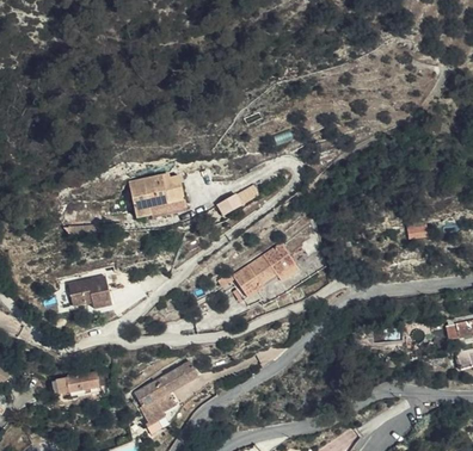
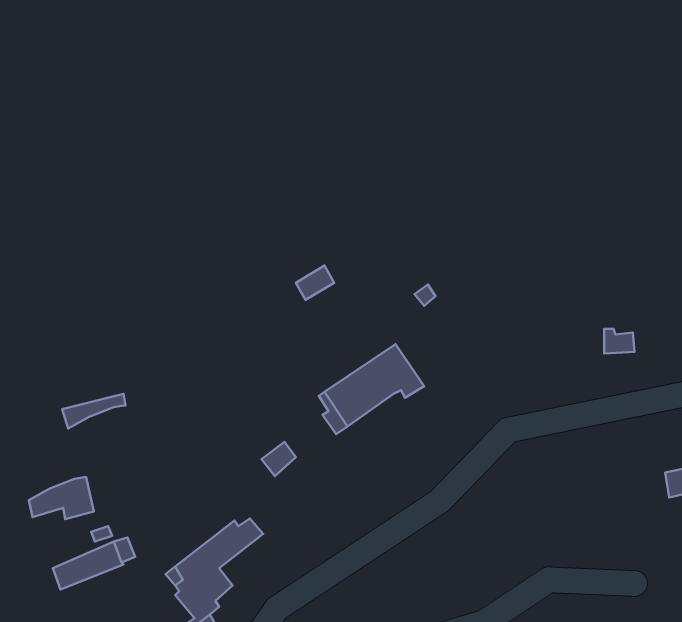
building: [128,175,184,217] -> none
building: [73,283,113,309] -> [29,477,94,519]

